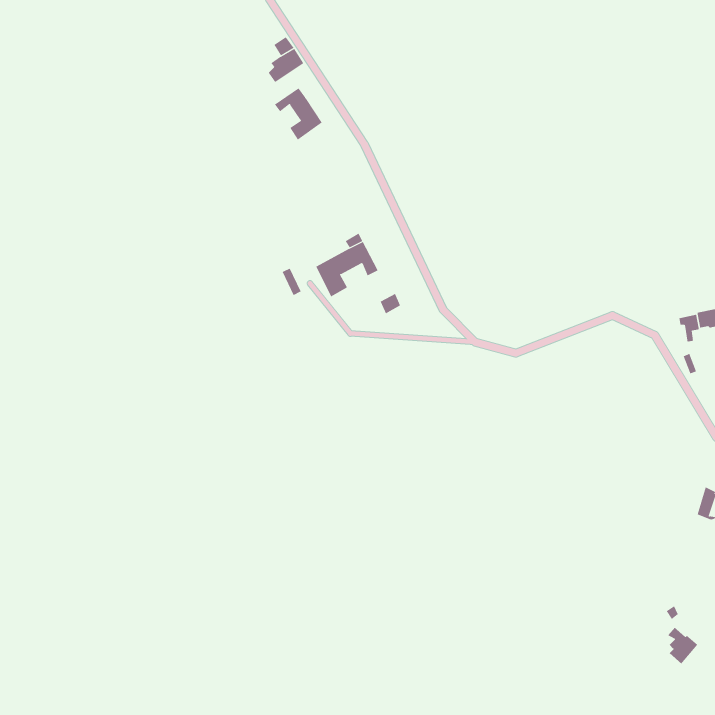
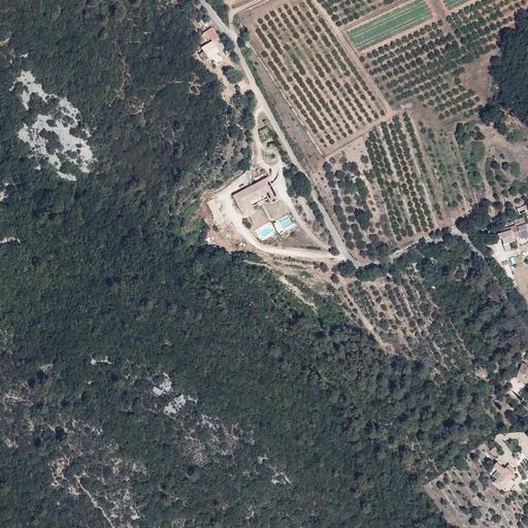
building: [274,88,322,140] -> none

